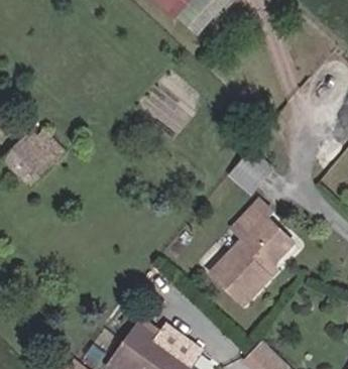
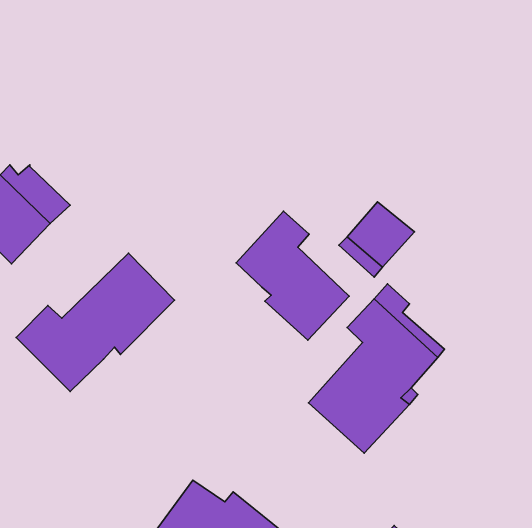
building: none -> [236,211,349,340]
building: none -> [16,253,175,391]

